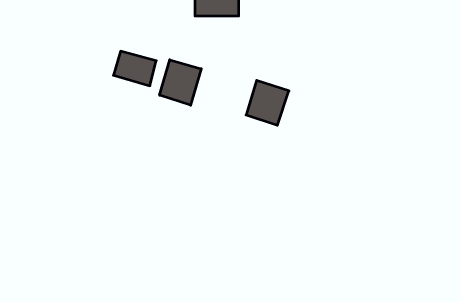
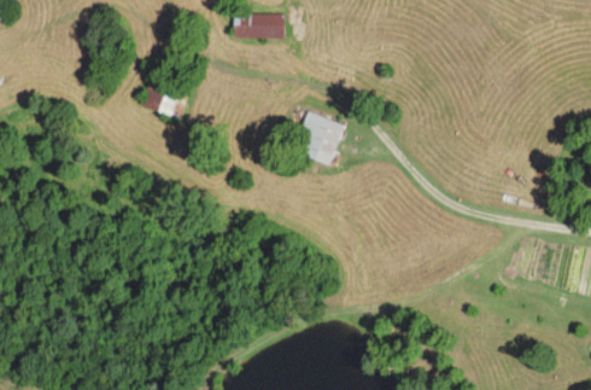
building: [160,60,201,105] -> none

